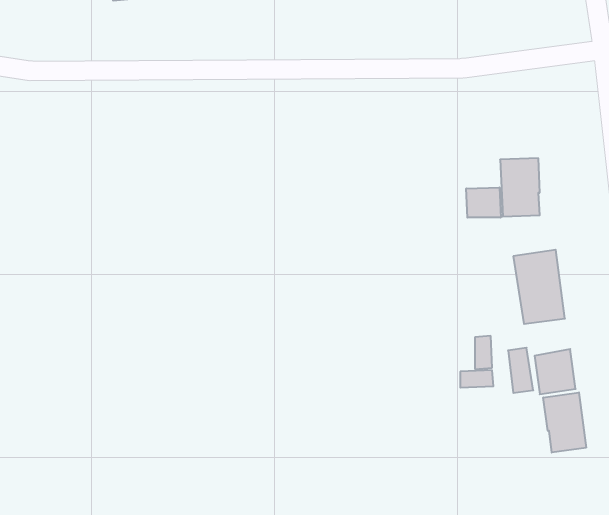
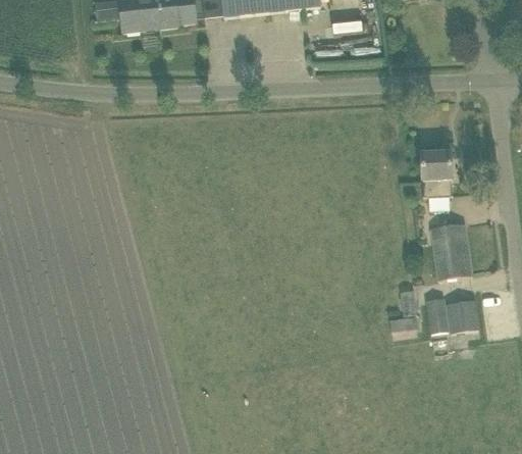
building: [466,187,501,218] -> none
building: [543,392,586,453] -> none

